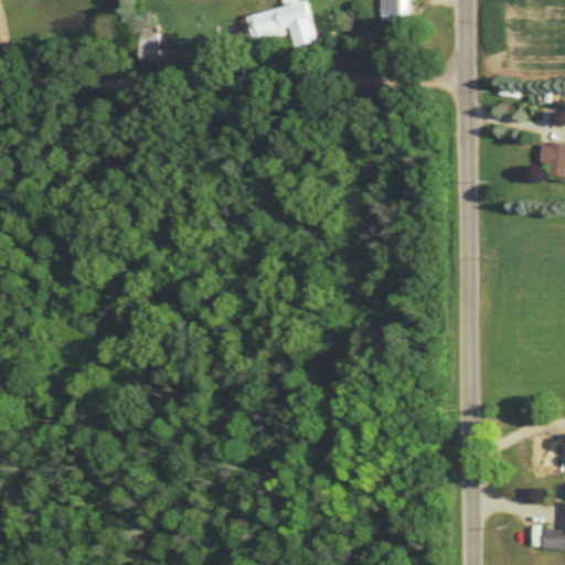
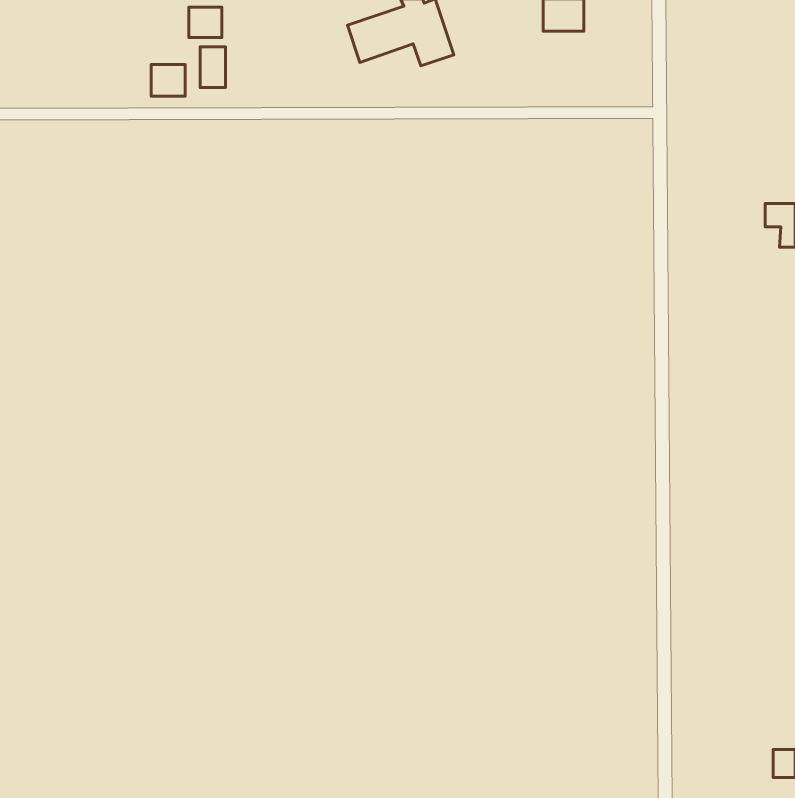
building: none -> [189,7,222,37]
building: none -> [151,64,185,96]

